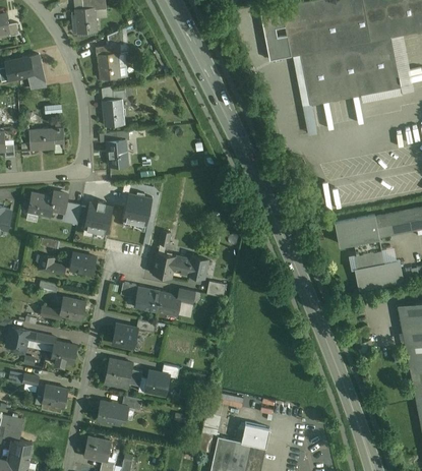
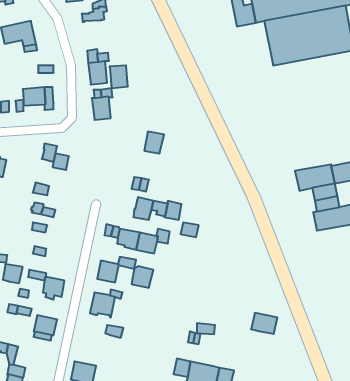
building: [98,54,118,79] -> [110,65,128,88]
building: [27,193,53,216] -> none
building: [125,199,147,224] -> [144,132,164,153]
building: [82,202,112,234] -> none
building: [69,252,95,275] -> none
building: [59,297,84,320] -> none
building: [144,370,169,395] -> [132,266,153,288]
building: [99,401,127,424] -> none
building: [240,423,269,447] -> [251,313,277,334]

